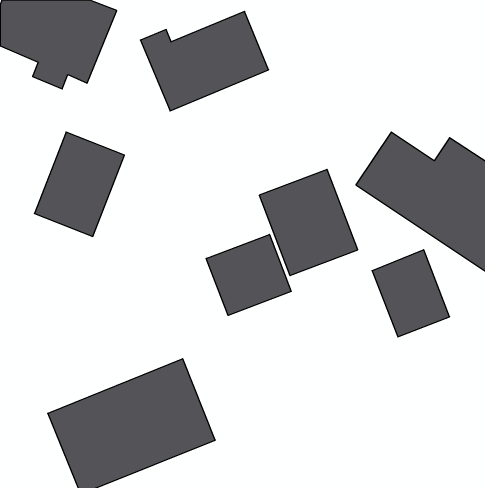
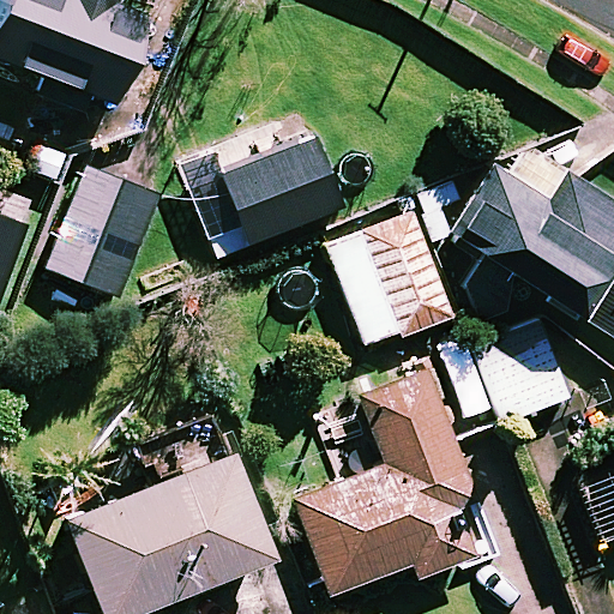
building: [140,11,269,111] -> [181,133,342,258]
building: [206,234,291,315] -> none
building: none -> [296,368,478,592]

